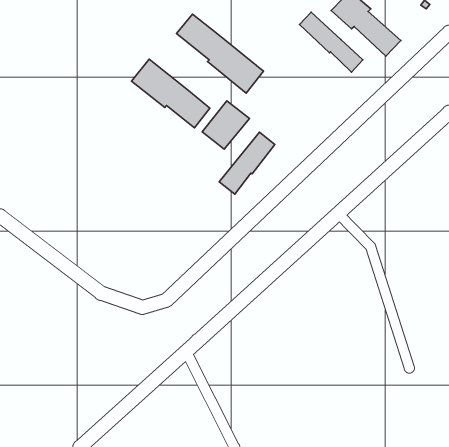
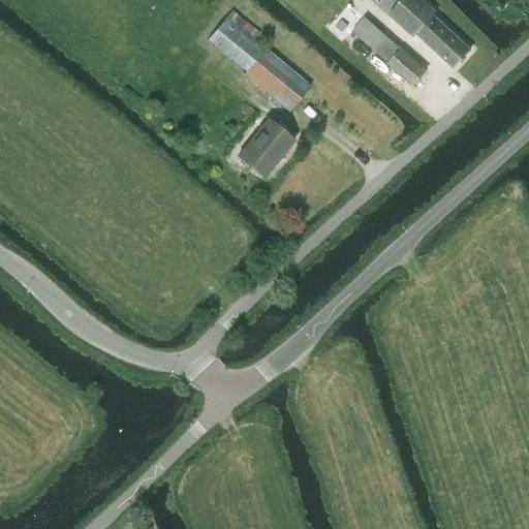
building: [131,59,210,128] -> none
building: [219,132,275,194] -> none

